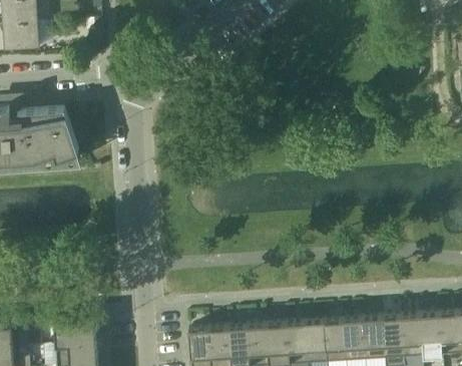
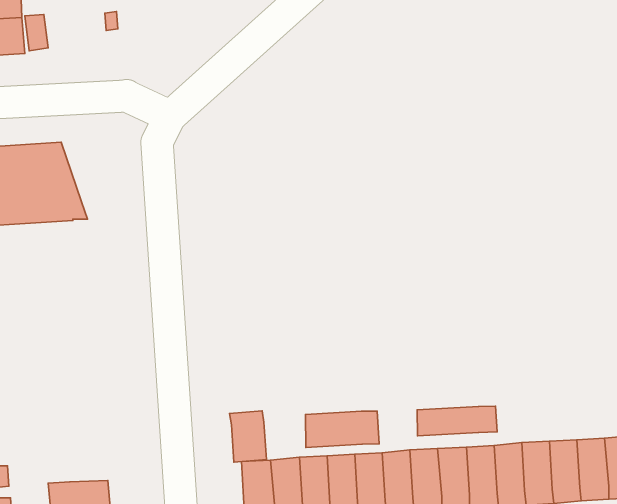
building: none -> [417,406,497,436]
building: none -> [230,411,266,462]
building: none -> [305,411,379,448]
building: [53,320,95,345] -> none

